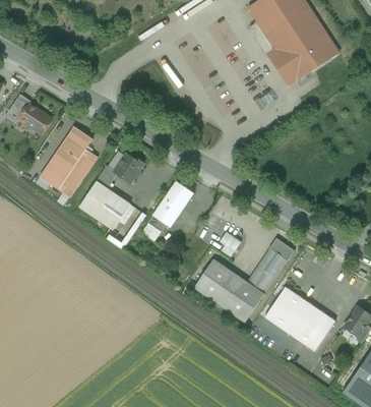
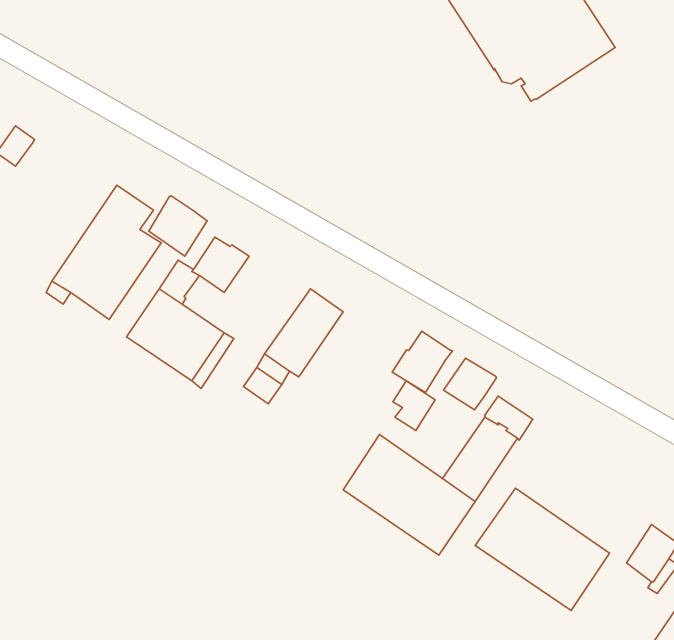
building: [19,103,53,133] -> none
building: none -> [149,196,207,256]
building: none -> [392,331,453,393]
building: none -> [444,358,497,410]

